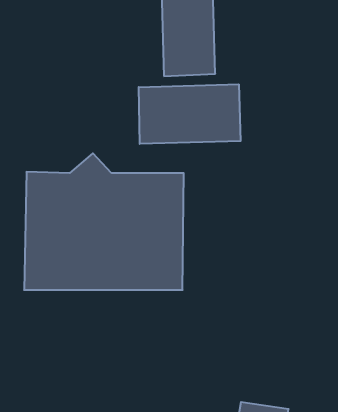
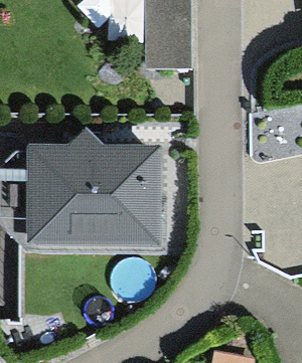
building: [139,84,241,144] -> none

